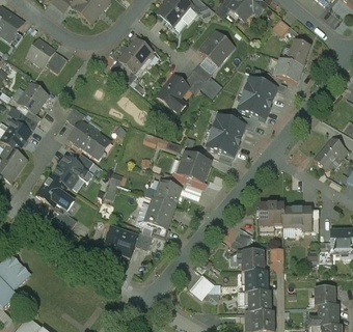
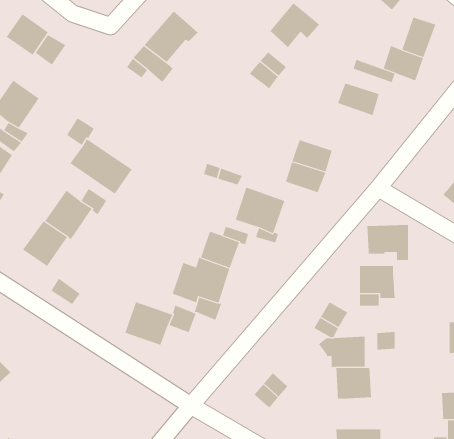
building: [157,74,189,106] -> none
building: [241,96,269,119] -> none
building: [282,208,310,231] -> [366,224,409,261]
building: [248,290,271,311] -> none

